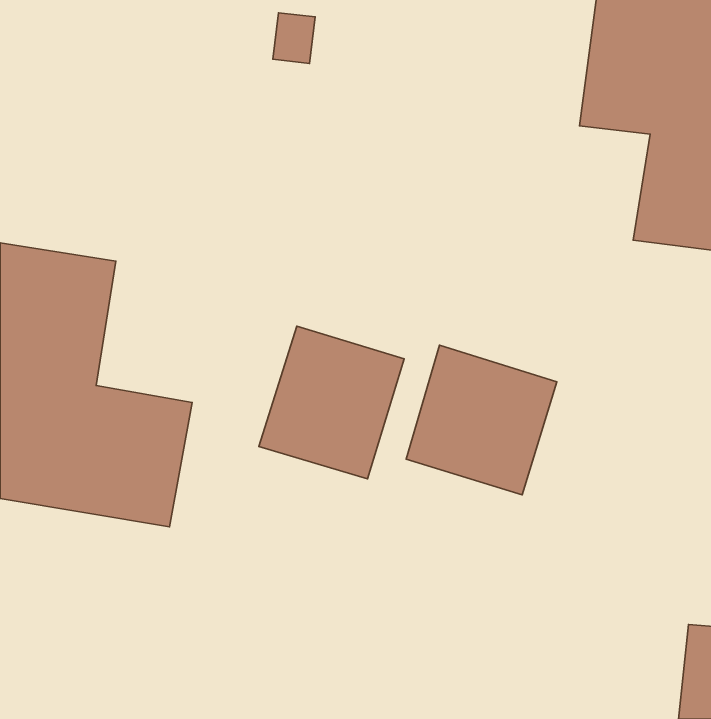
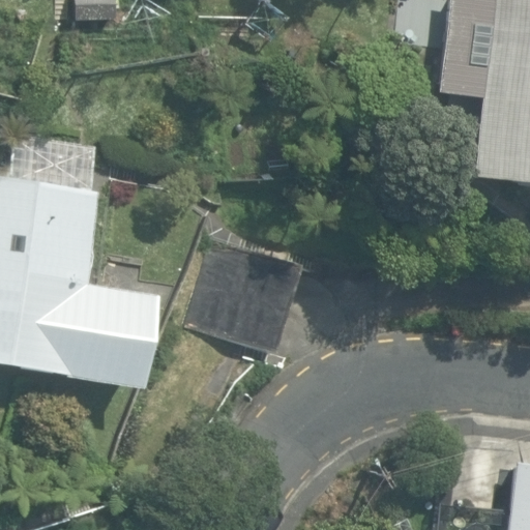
building: [406,345,557,495] -> none

